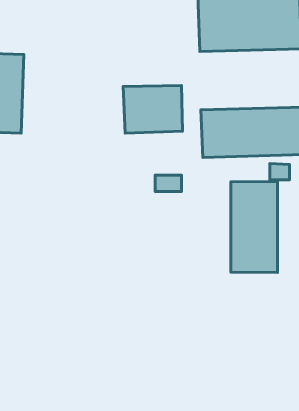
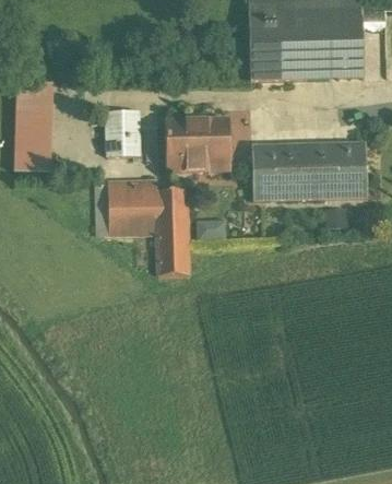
building: none -> [107,110,140,156]
building: none -> [97,180,189,275]
building: [231,181,277,273] -> none

